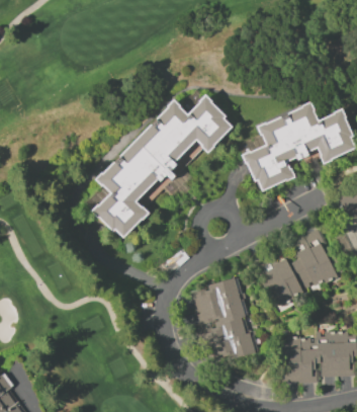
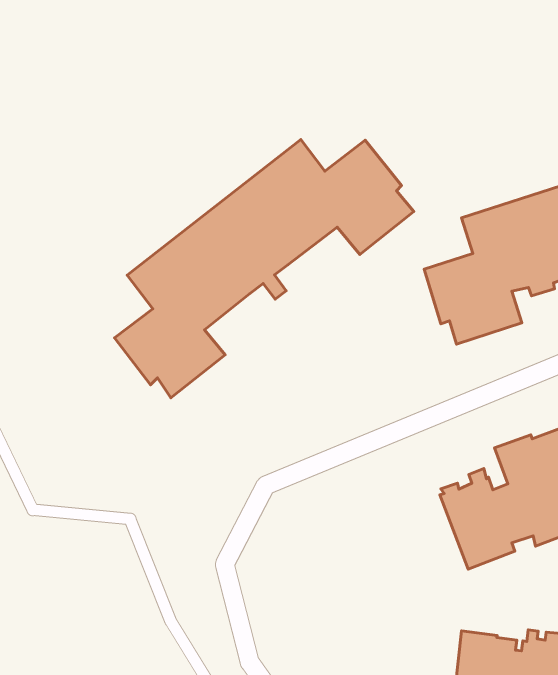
building: [191,275,260,358] -> none

